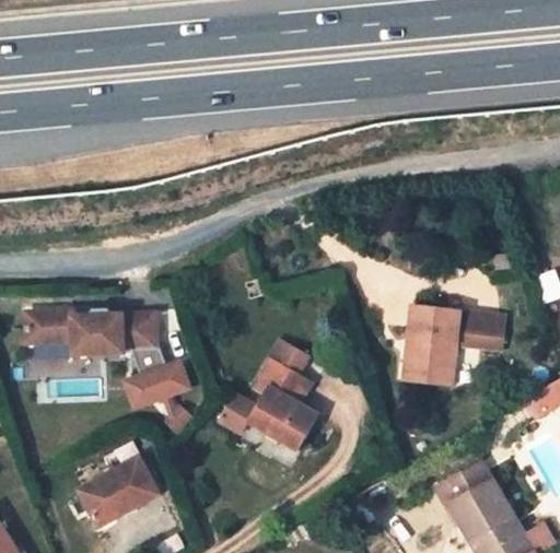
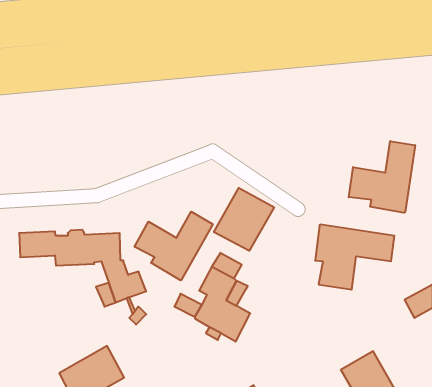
building: none -> [349,141,415,213]
building: none -> [214,188,274,251]
building: none -> [135,212,213,280]

